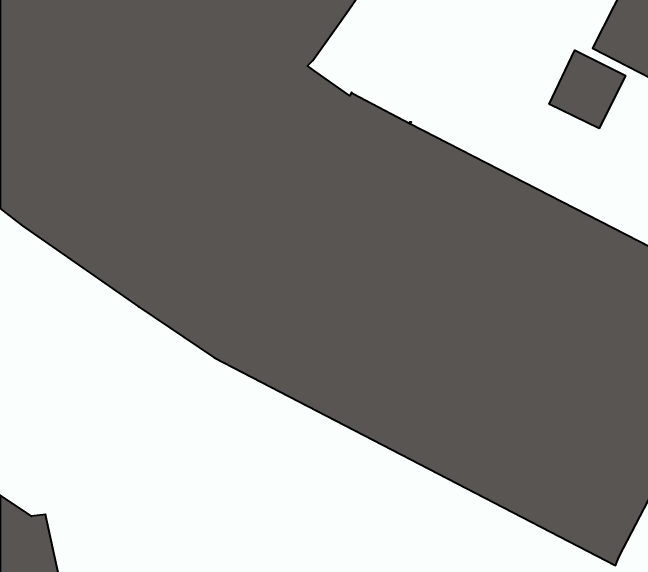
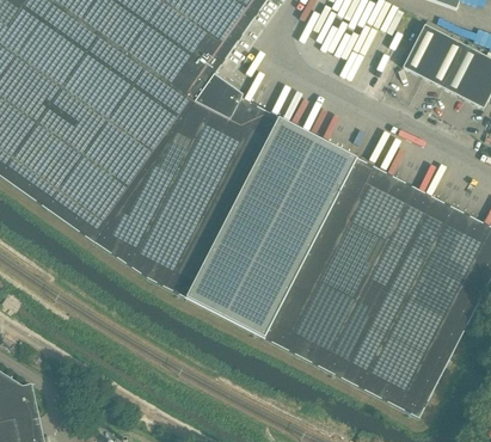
building: [549,50,625,128] -> none

